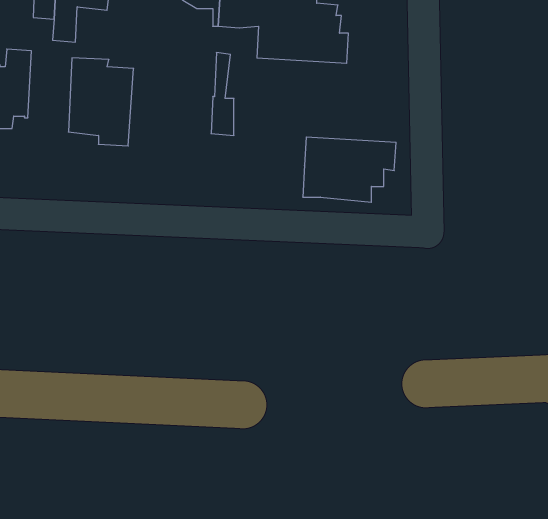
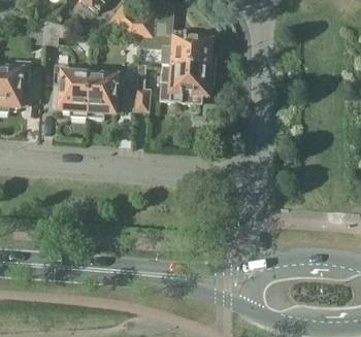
building: none -> [87,71,125,117]
building: [303,137,396,202] -> [160,65,215,103]

